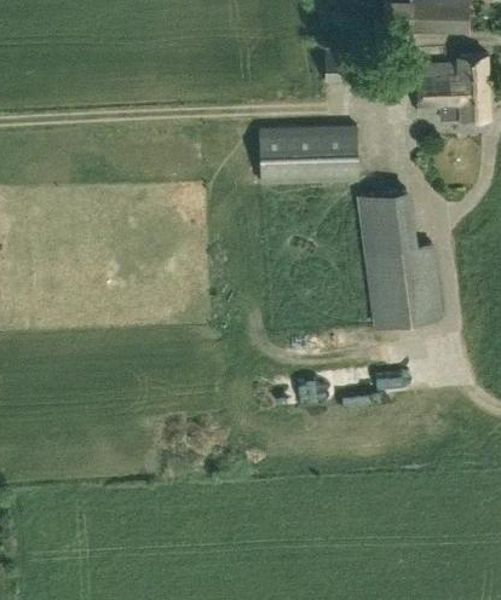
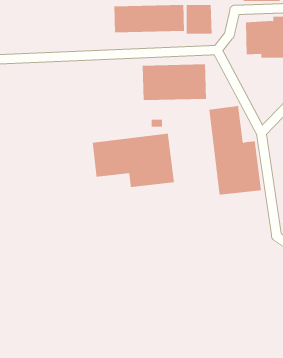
building: none -> [114,4,185,33]
building: none -> [92,133,175,188]

